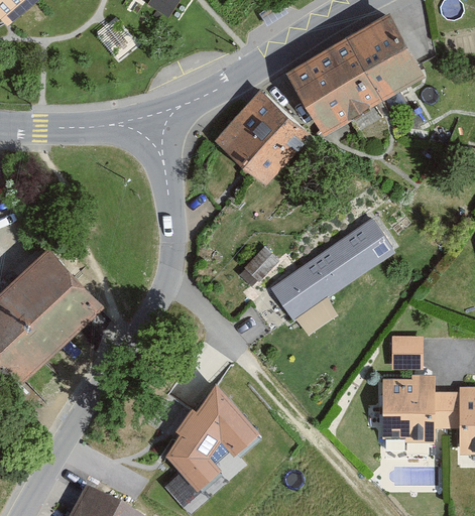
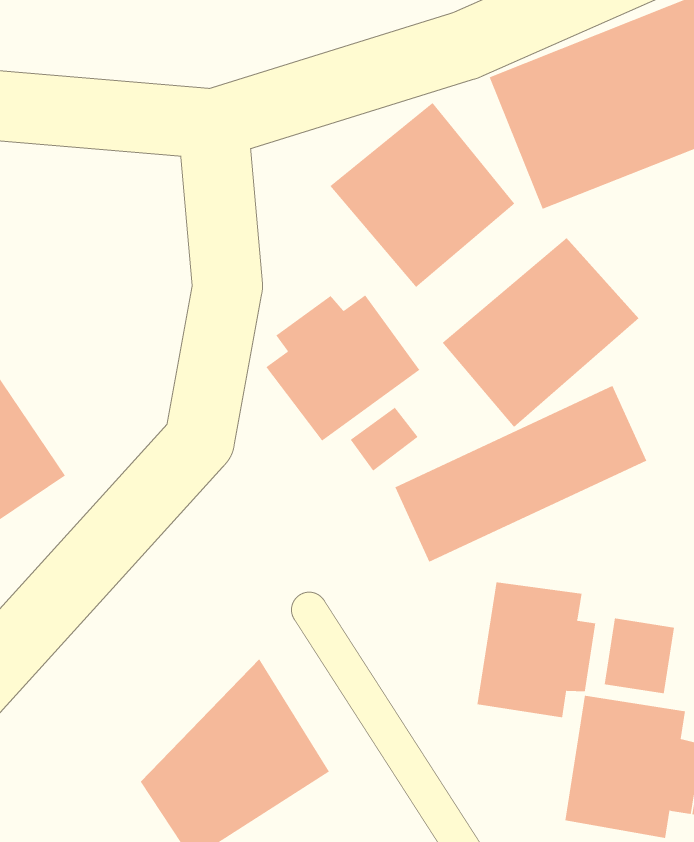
building: none -> [442,237,640,428]
building: none -> [266,294,420,441]
building: none -> [477,582,596,718]

